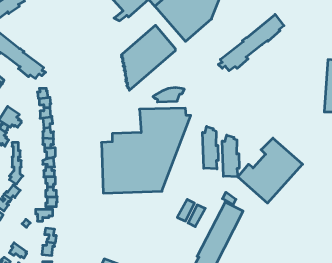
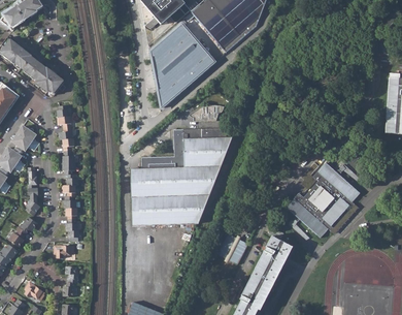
building: [218,14,284,71] -> none
building: none -> [148,21,192,66]
building: [203,126,218,169] -> none
building: [222,135,239,177] -> none

